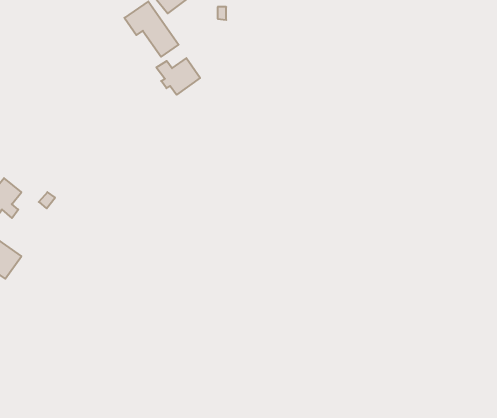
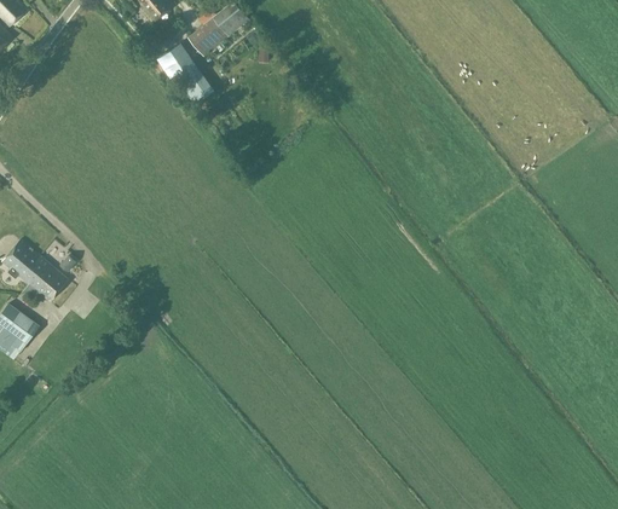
building: [156,58,200,95] -> none
building: none -> [27,254,67,300]

